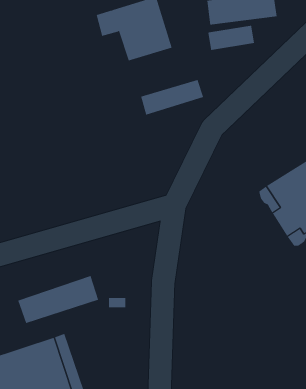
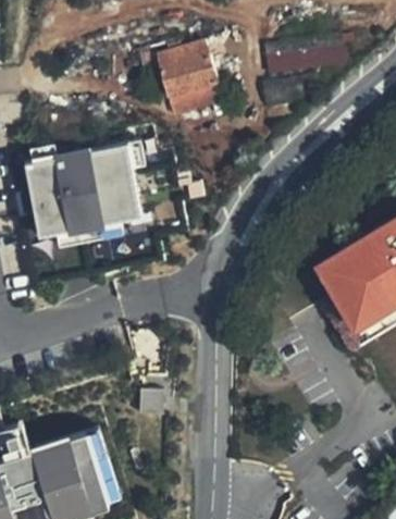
building: [140,79,204,116] -> none
building: none -> [28,148,139,240]
building: [17,275,99,324] -> none

